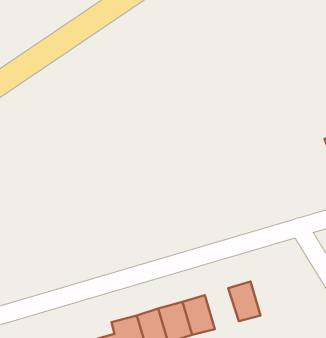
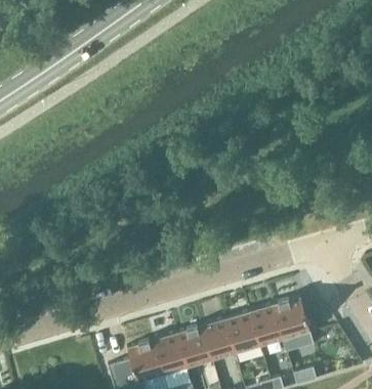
building: none -> [274,297,311,340]
building: none -> [225,311,261,354]

